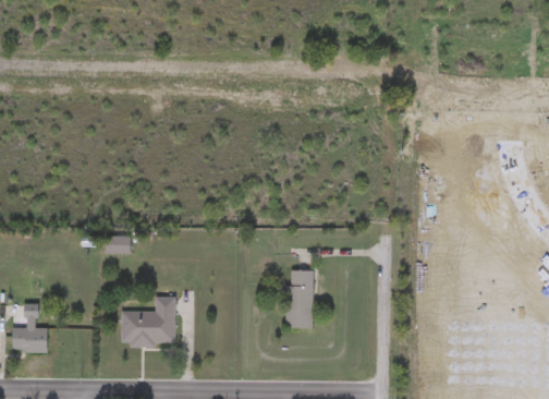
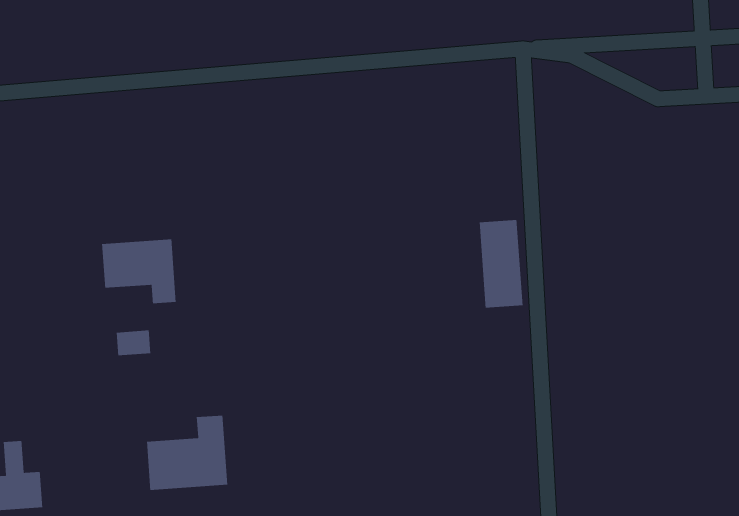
building: none -> [101,239,177,304]
building: [288,269,314,328] -> [479,219,523,309]

